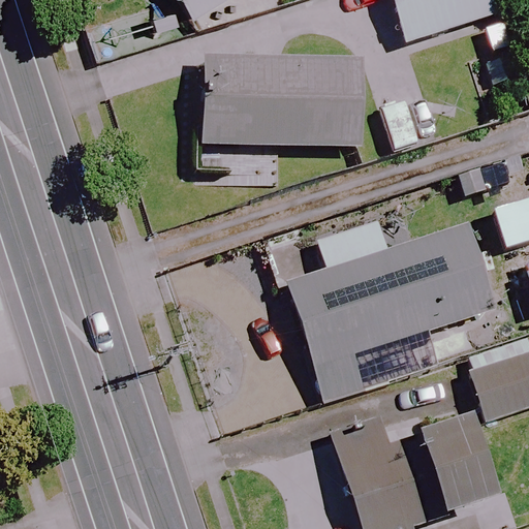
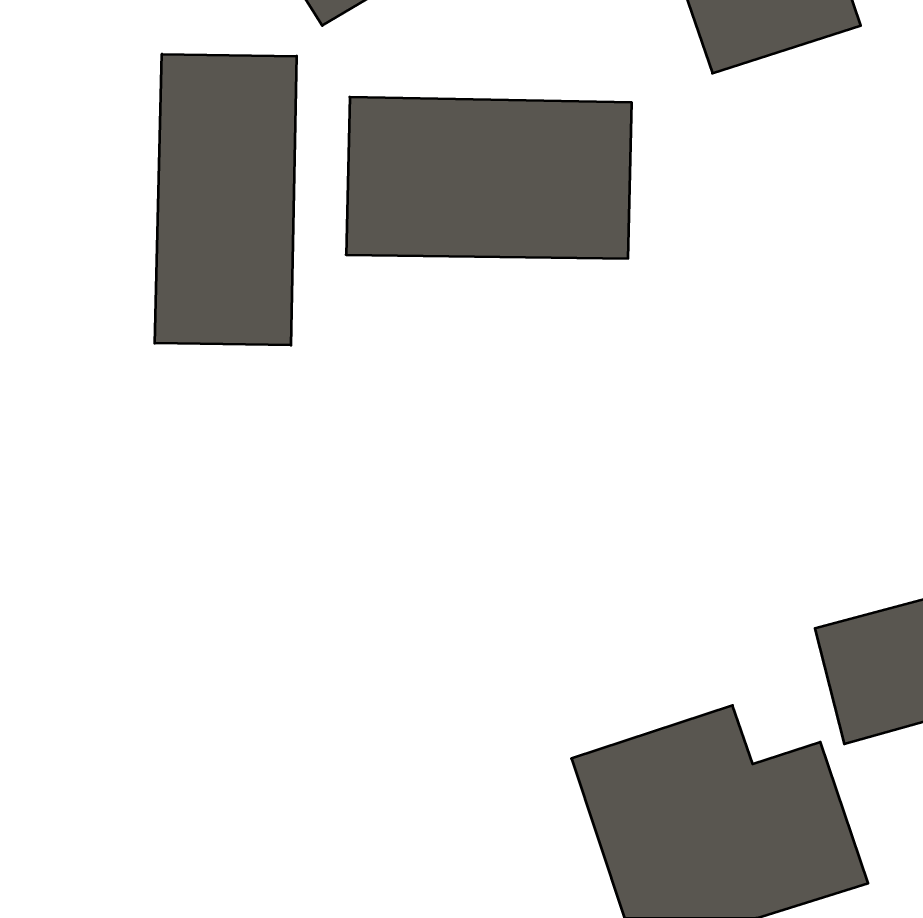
building: none -> [155,54,297,345]
building: [286,222,496,402] -> none

